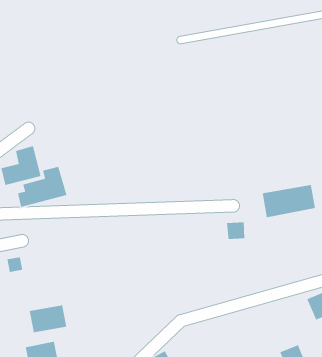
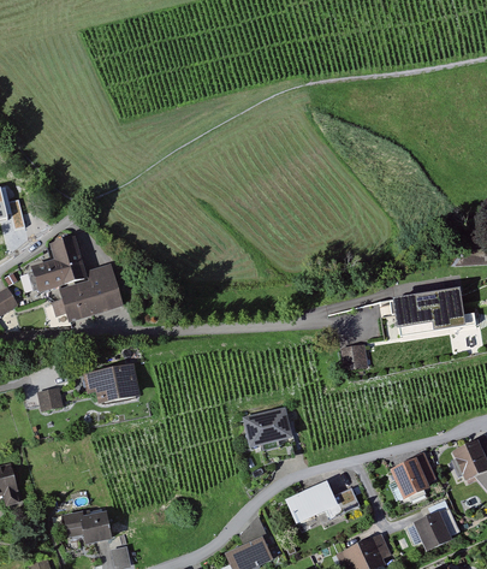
building: none -> [243,409,291,445]
building: none -> [392,452,436,494]
building: [29,304,67,333] -> [85,367,138,407]
building: none -> [283,480,361,523]

